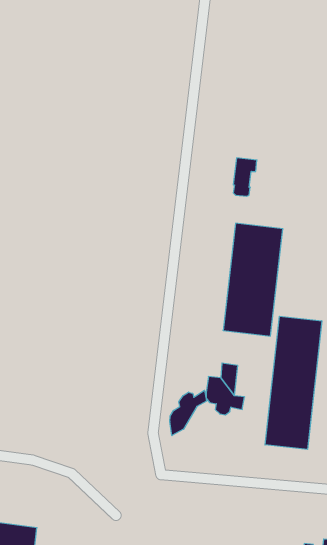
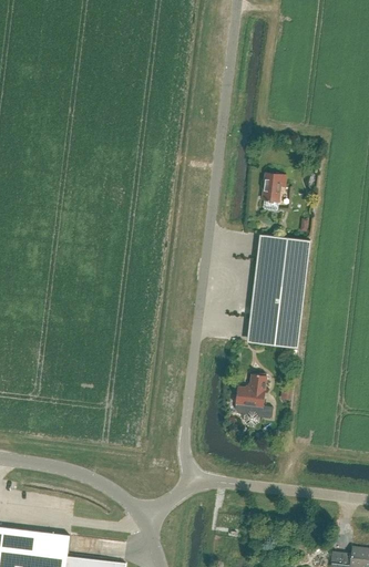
building: [265,316,322,449] -> none
building: [170,390,206,436] -> none

